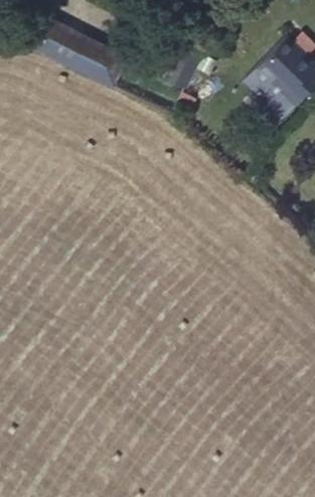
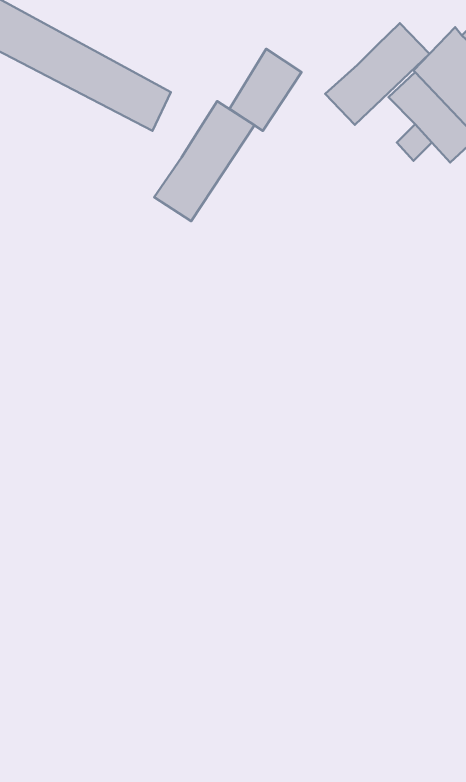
building: none -> [325,23,429,125]
building: none -> [154,101,255,221]

